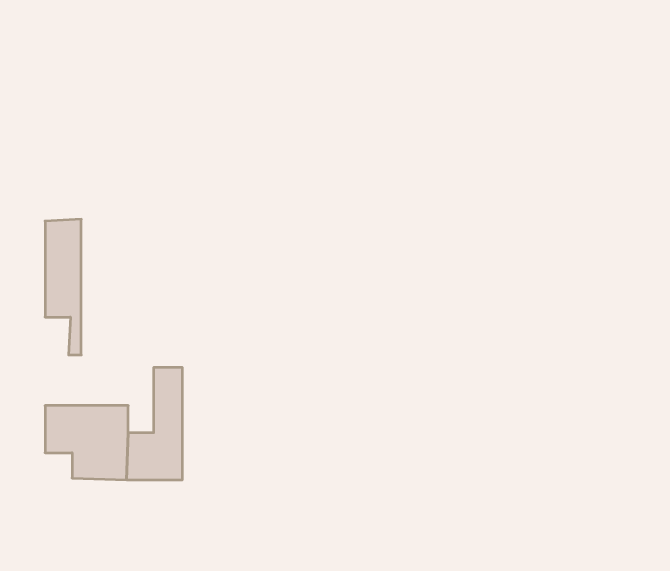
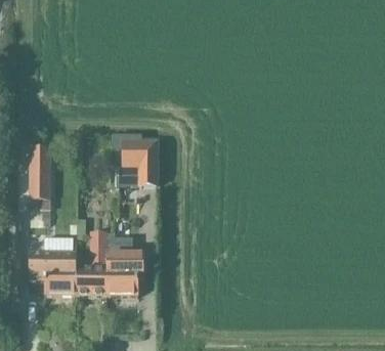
building: none -> [121,140,158,187]
building: none -> [106,250,143,292]

